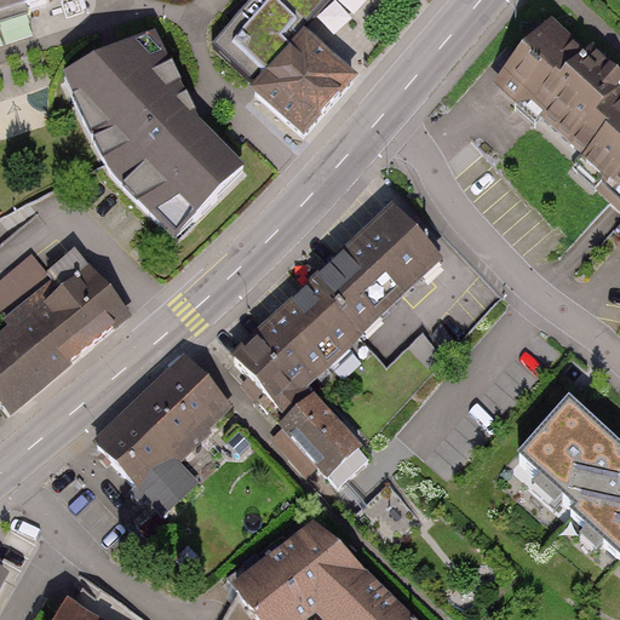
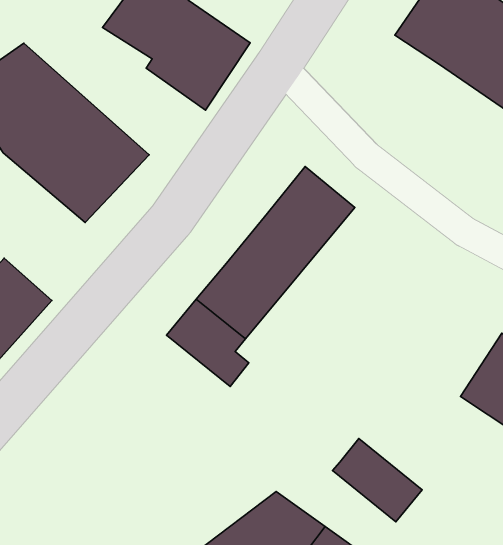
building: [97,355,235,513] -> none
building: [282,392,368,480] -> [332,439,422,522]

